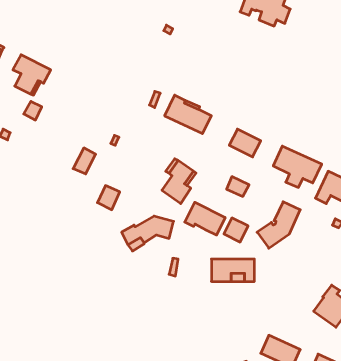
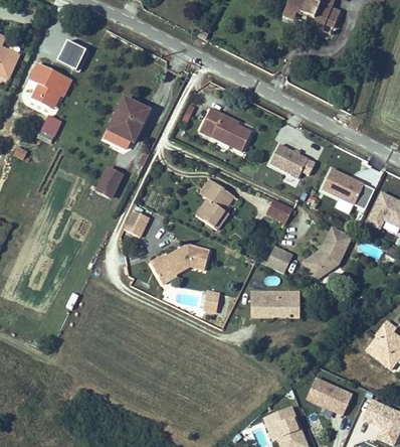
building: none -> [57,37,86,67]
building: none -> [109,98,149,141]
building: [185,202,225,235] -> none

